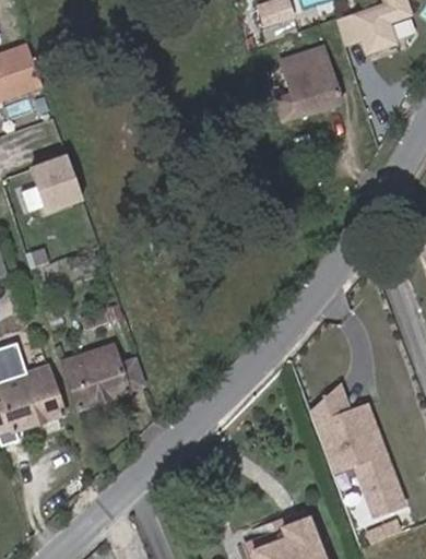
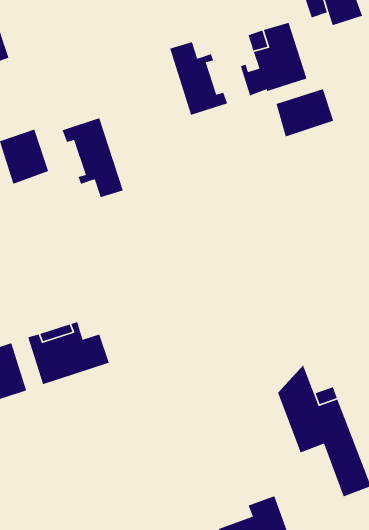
building: none -> [169,41,228,116]
building: none -> [275,88,334,137]
building: none -> [62,117,124,198]

